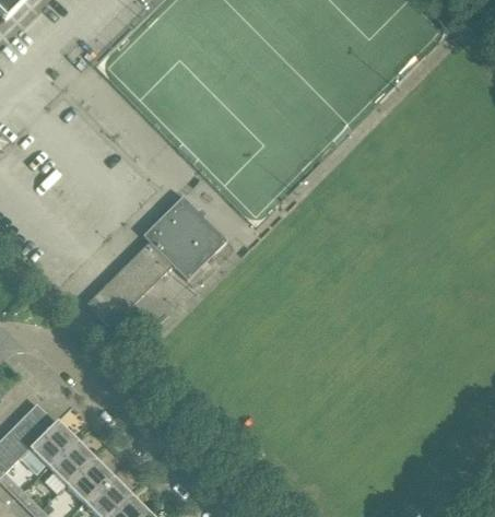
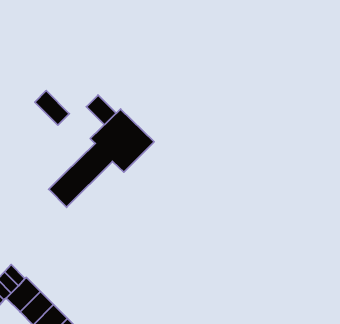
building: none -> [35,91,69,125]
building: none -> [86,95,116,125]

